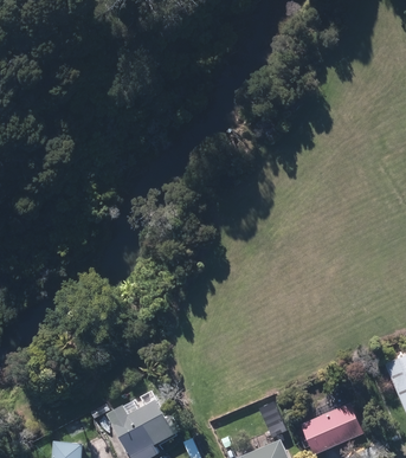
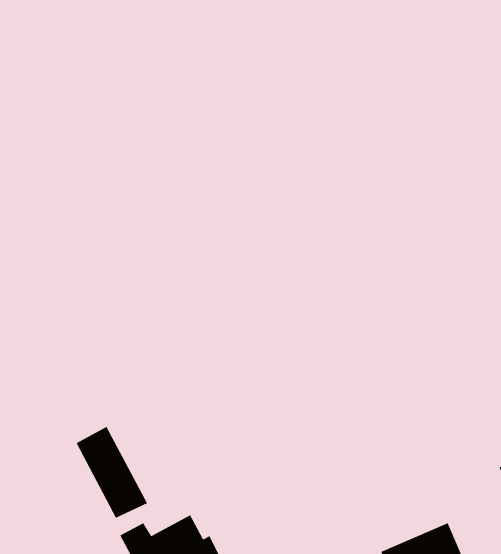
building: none -> [76,426,148,519]

